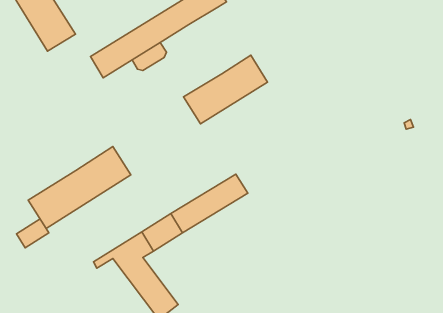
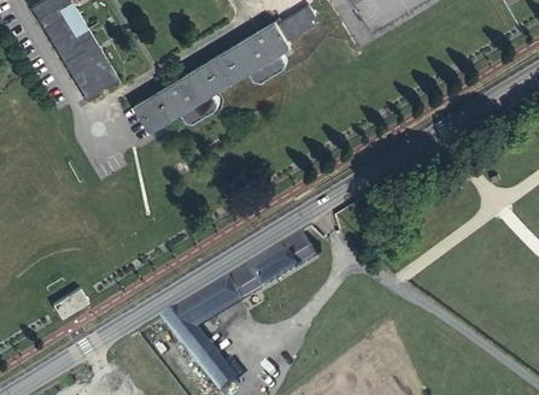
building: none -> [248,51,287,82]
building: [184,55,268,124] -> none
building: [28,146,131,229] -> none

